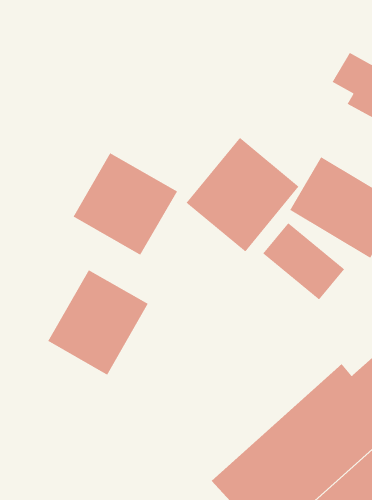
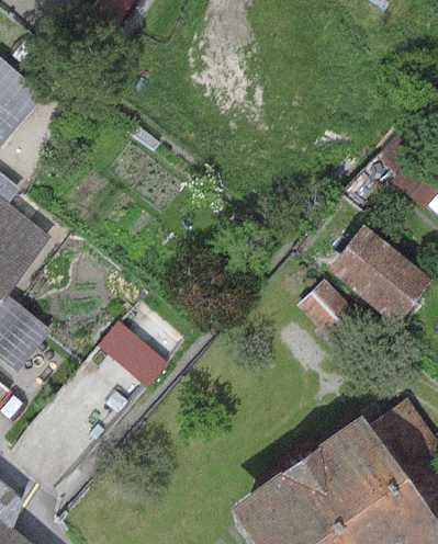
building: [186,137,300,252] -> none
building: [72,152,178,256] -> none

